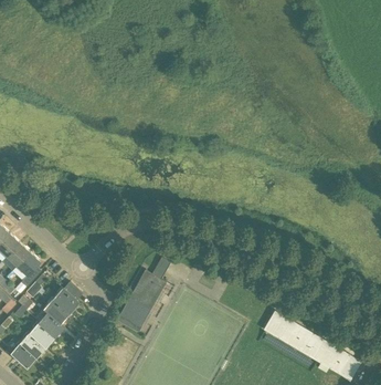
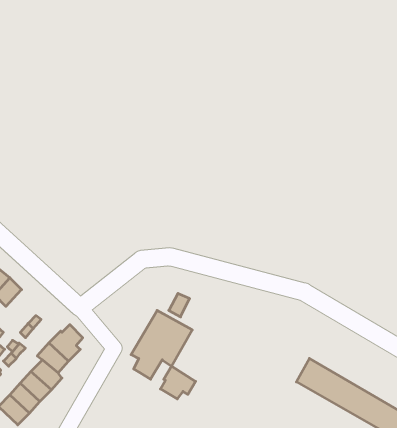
building: [17,253,41,289] -> none
building: none -> [160,366,196,399]

